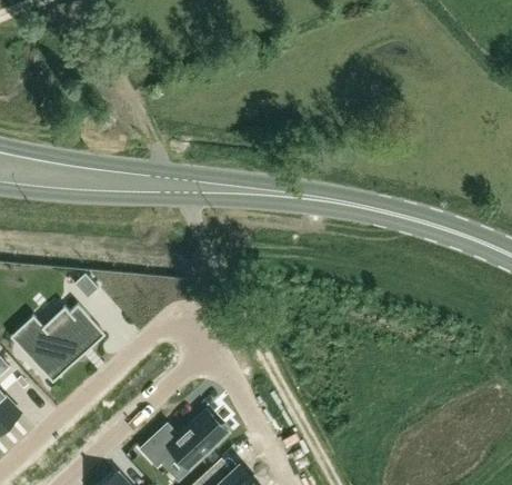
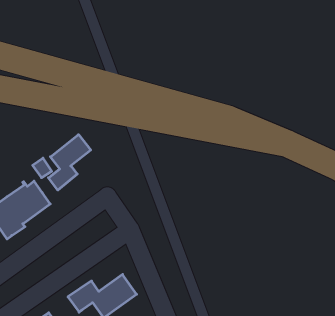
building: none -> [48,135,91,190]

